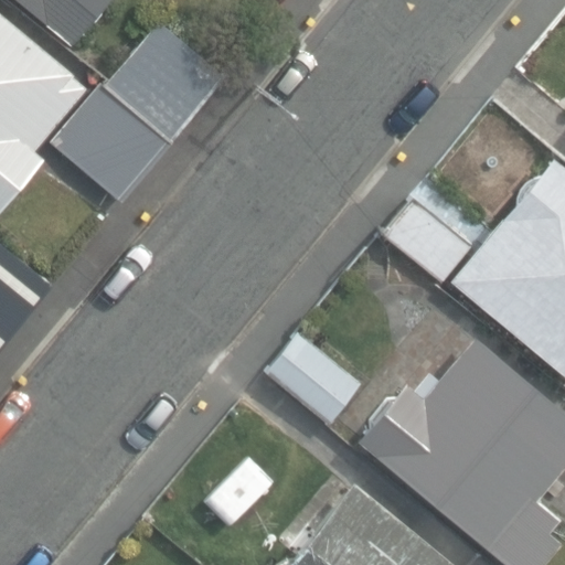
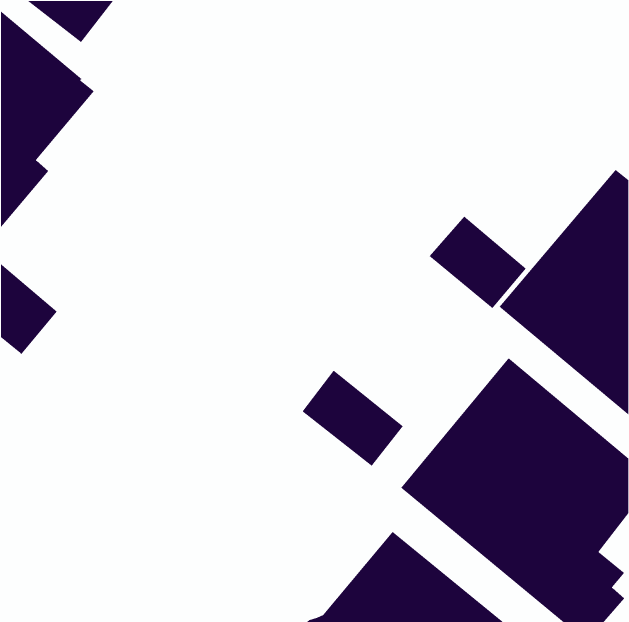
building: [73,22,224,190] -> none

